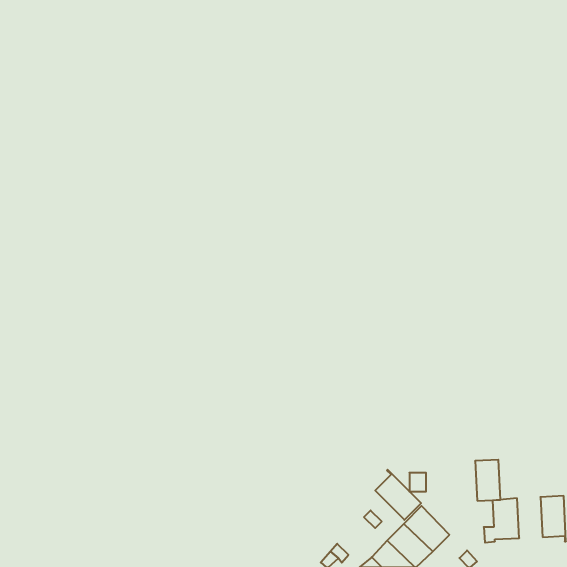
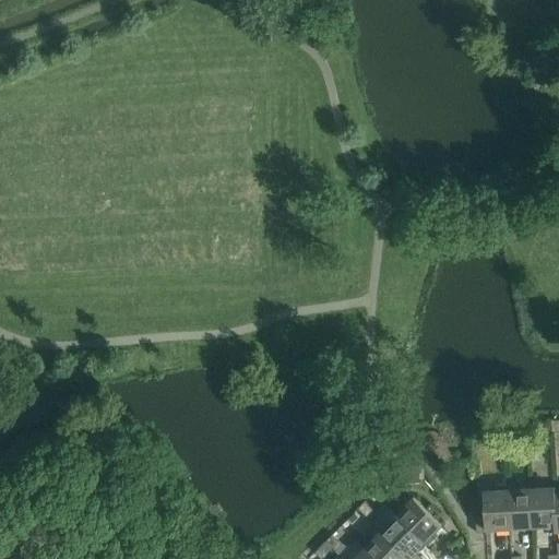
building: [475,460,501,501] -> [509,489,534,530]
building: [375,470,421,520] -> none

